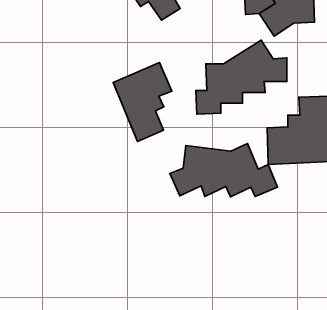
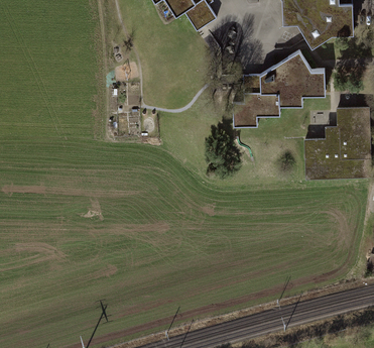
building: [113,63,172,141] -> none
building: [170,144,277,197] -> none

